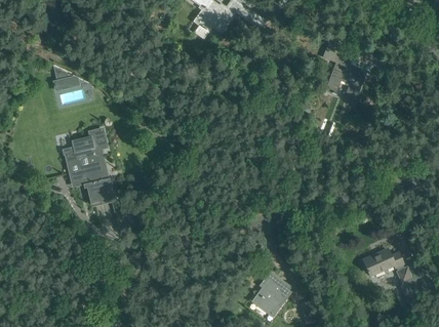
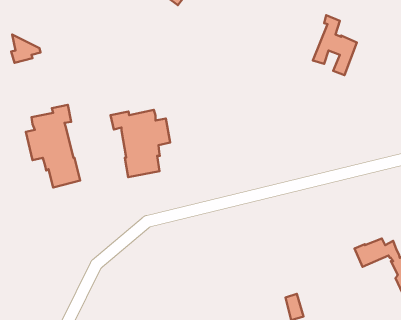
building: none -> [110,110,170,177]
building: [252,272,294,318] -> none

